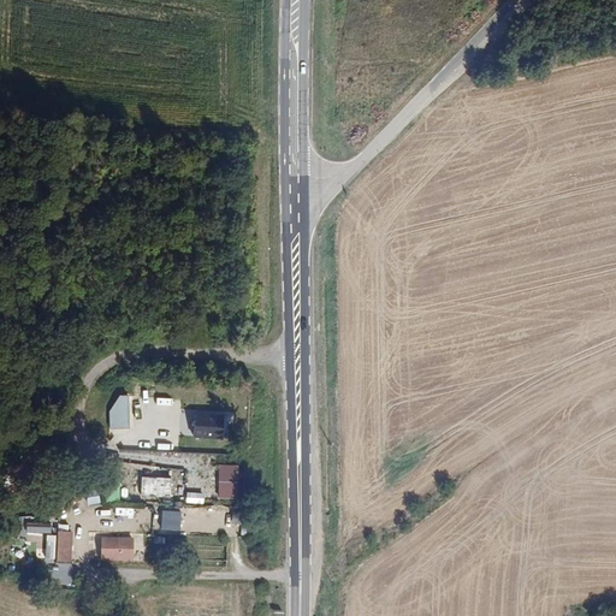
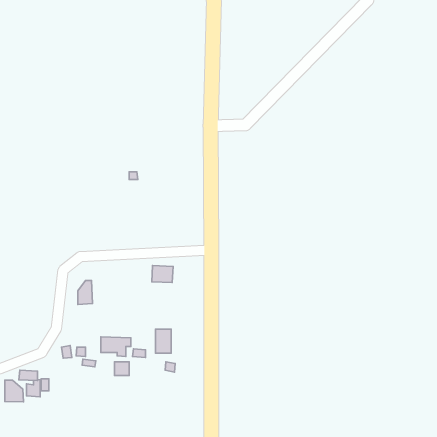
building: [194,414,224,438] -> [152,265,173,283]
building: none -> [5,380,24,402]
building: [102,538,132,559] -> none

